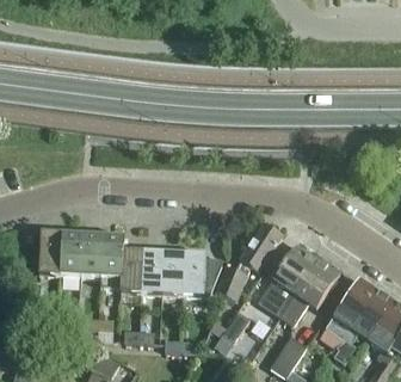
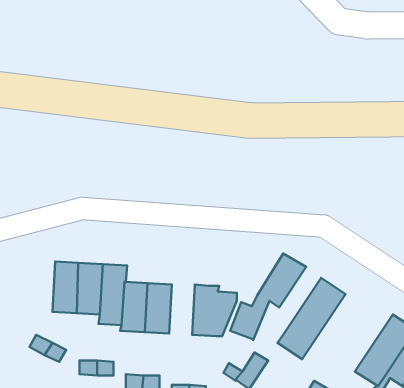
building: [39,229,62,275] -> none
building: [162,251,185,295] -> none
building: [279,259,340,326] -> none

